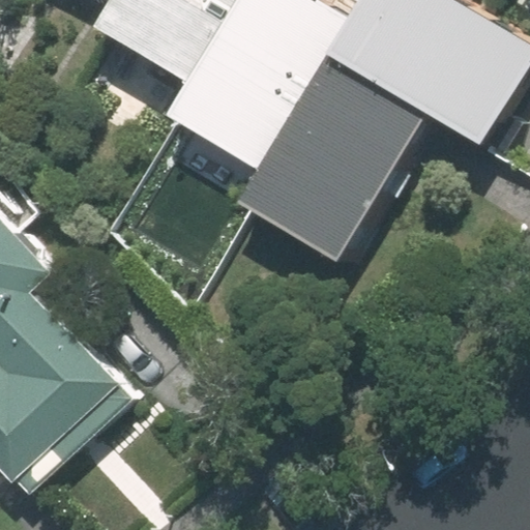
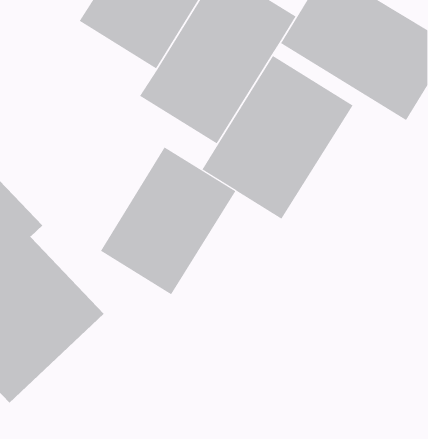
building: none -> [100,146,236,295]

